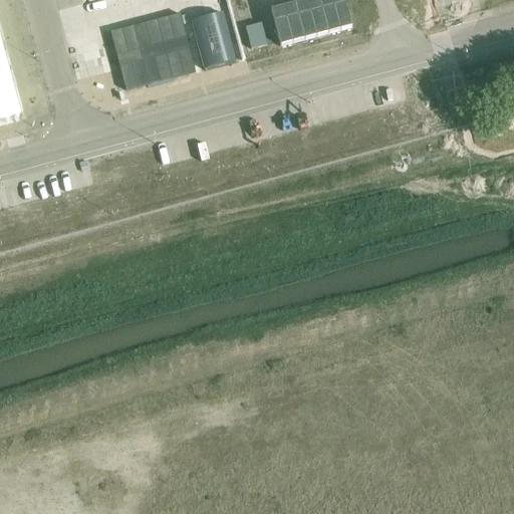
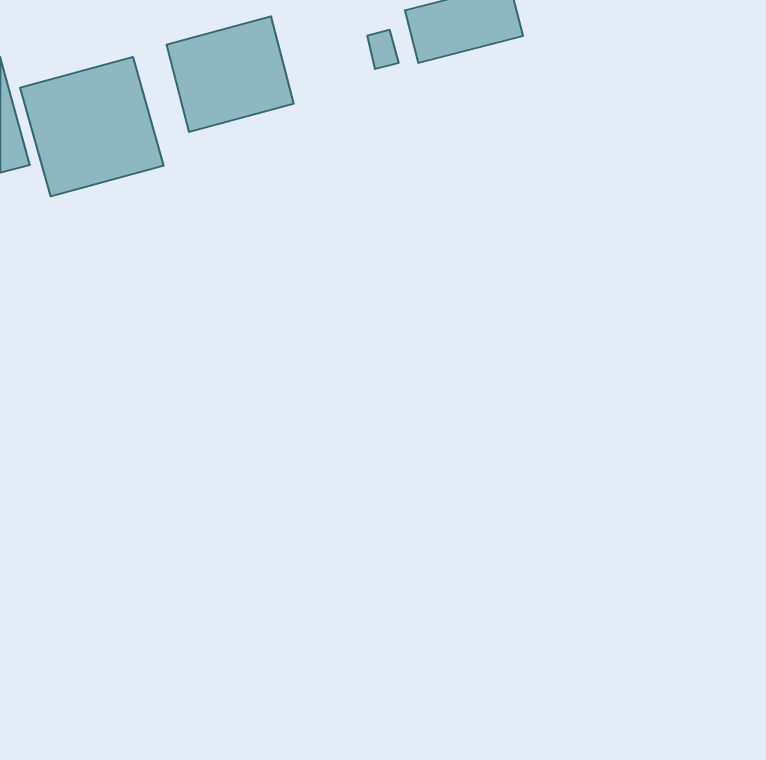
building: [191,10,235,67] -> none
building: none -> [20,57,163,196]

